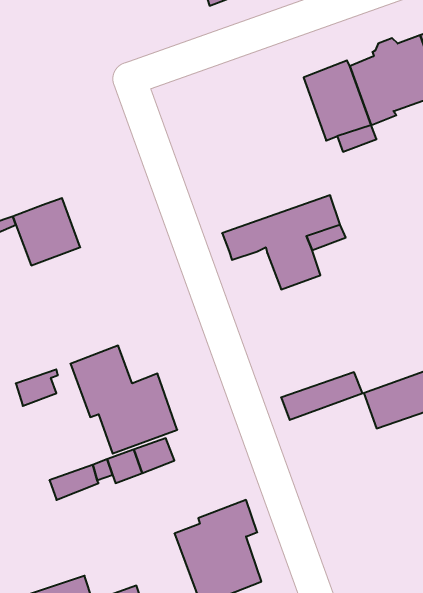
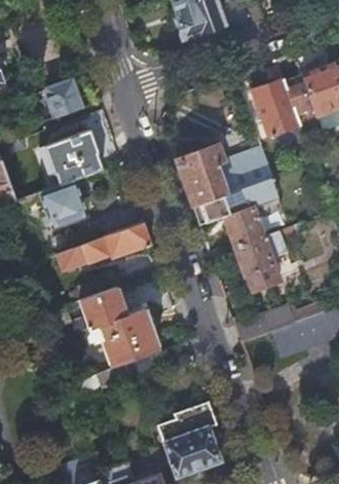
building: none -> [45,75,96,118]
building: none -> [40,132,104,185]
building: none -> [175,144,272,206]
building: none -> [54,221,152,266]
building: none -> [234,223,306,290]

